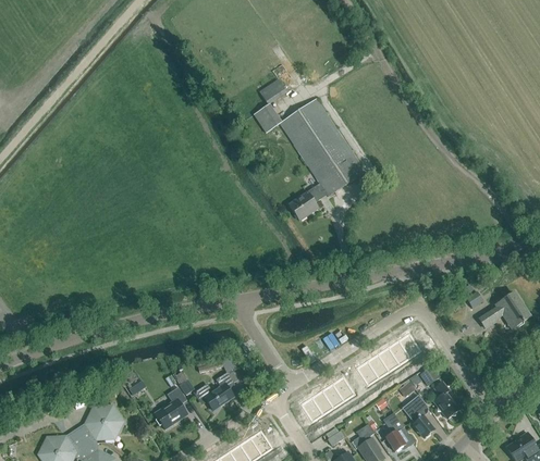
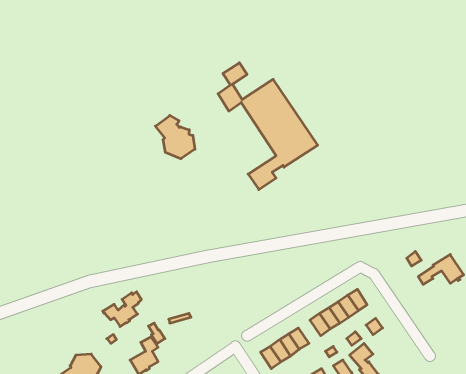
building: none -> [155,115,195,159]
building: [194,371,237,410] -> [103,292,141,327]
building: [433,382,459,419] -> none

